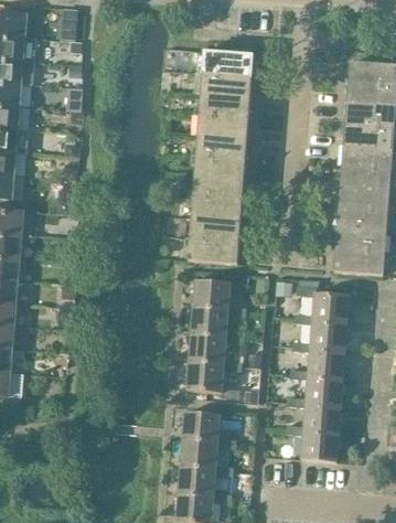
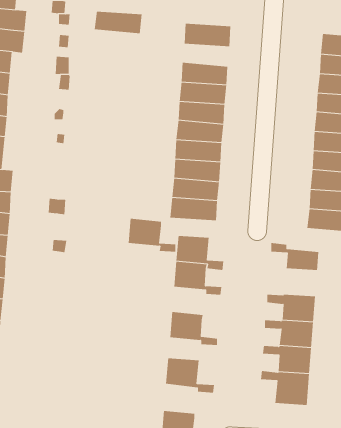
building: [201,73,253,97] -> [94,11,142,34]
building: [293,313,346,343] -> none
building: [190,333,242,370] -> [128,218,176,252]
building: [181,437,234,474] -> none

